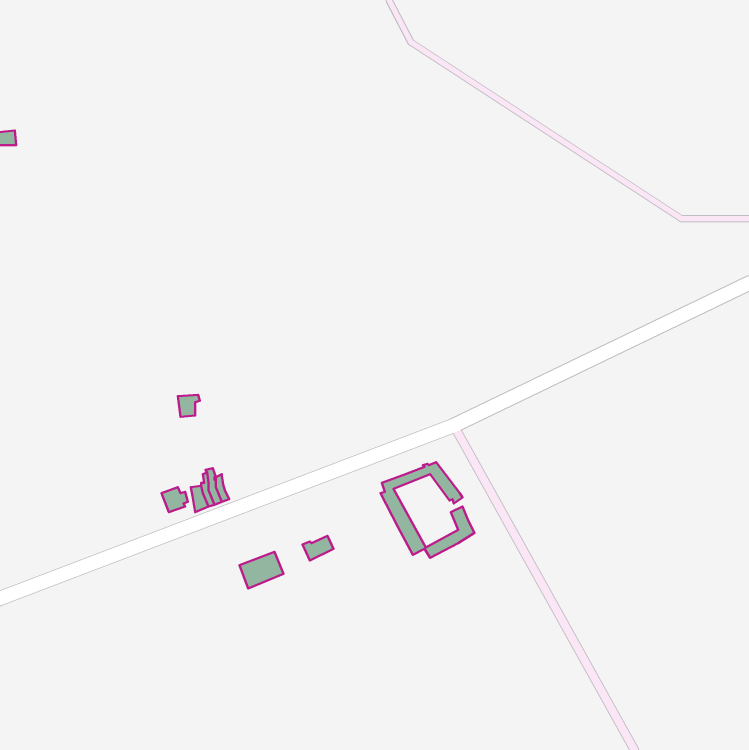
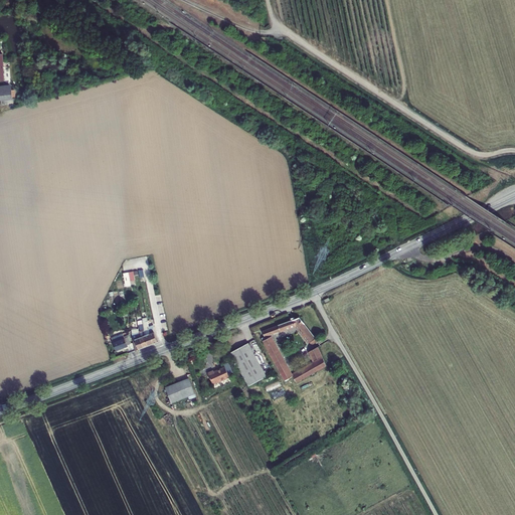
building: none -> [229,343,266,386]

